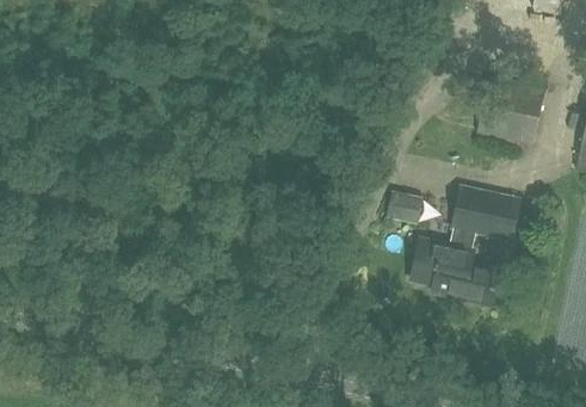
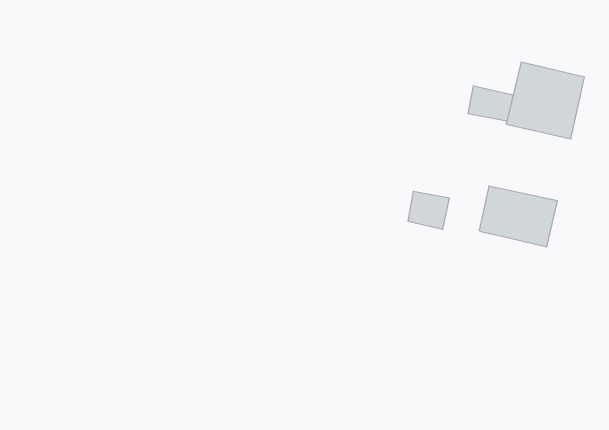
building: none -> [468,86,513,121]
building: [409,226,500,307] -> none

